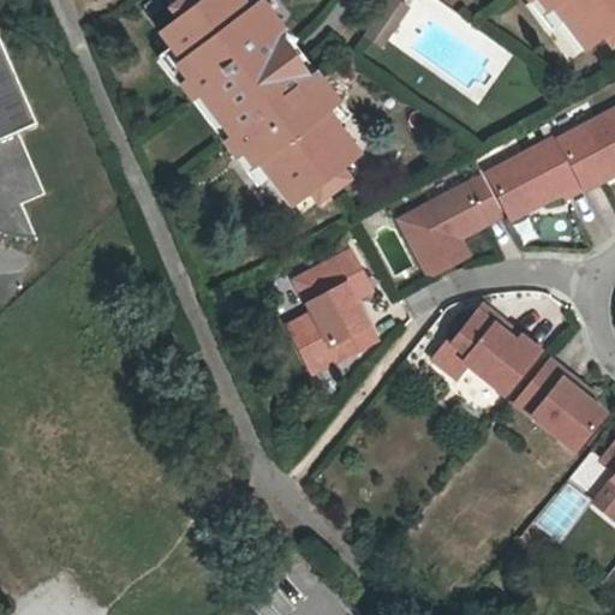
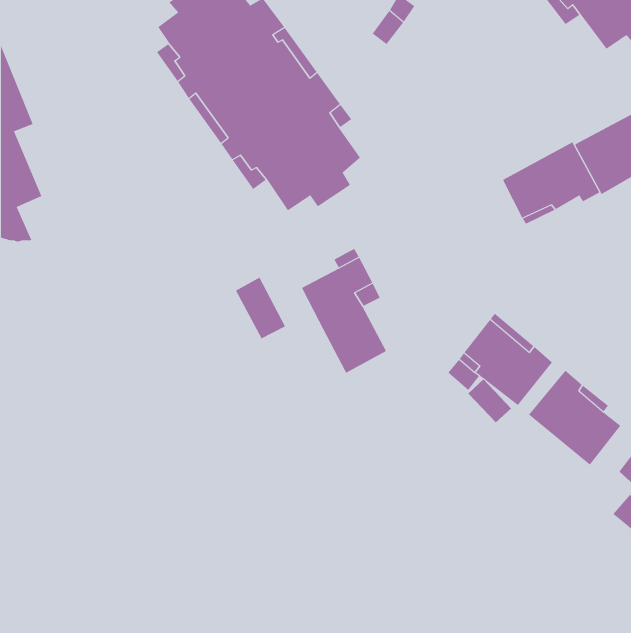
building: [399,174,503,273] -> none
building: [287,311,336,371] -> [235,277,286,339]

